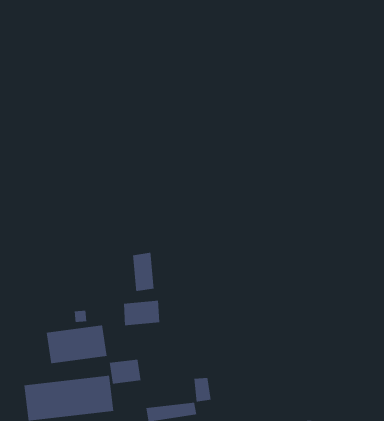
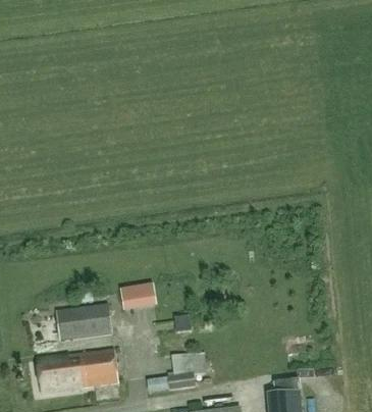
building: [132,252,154,292] -> none
building: [109,359,141,384] -> none

